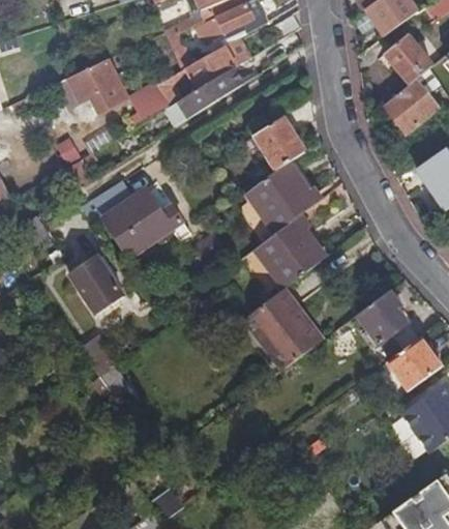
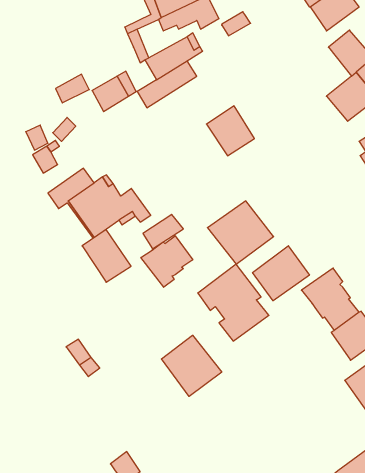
building: [67,58,123,102] -> none
building: [244,164,317,233] -> none
building: none -> [141,236,193,287]
building: [71,257,124,314] -> [82,230,131,282]
building: none -> [253,246,309,301]
building: none -> [161,335,222,396]

